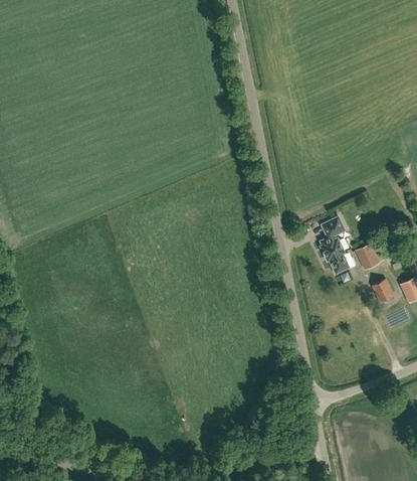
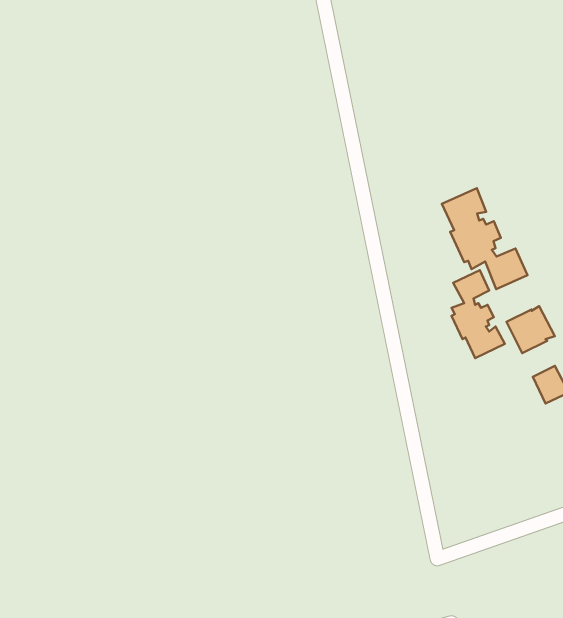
building: none -> [442,188,528,289]

